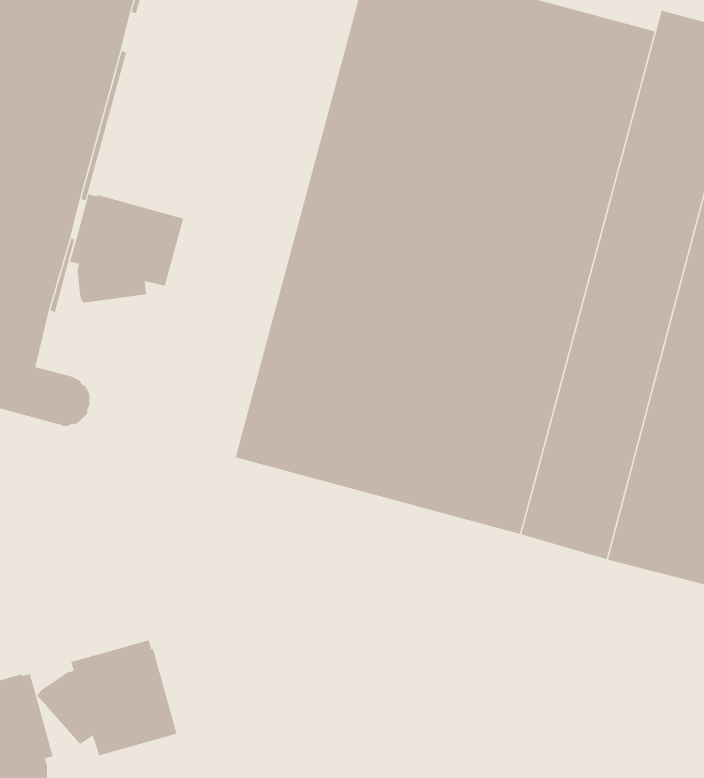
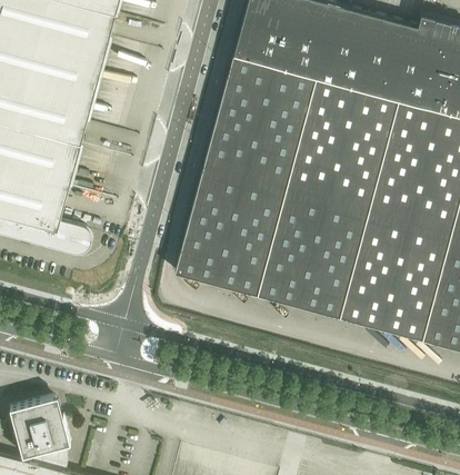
building: [70,194,184,304] -> none
building: [36,640,177,756] -> none

